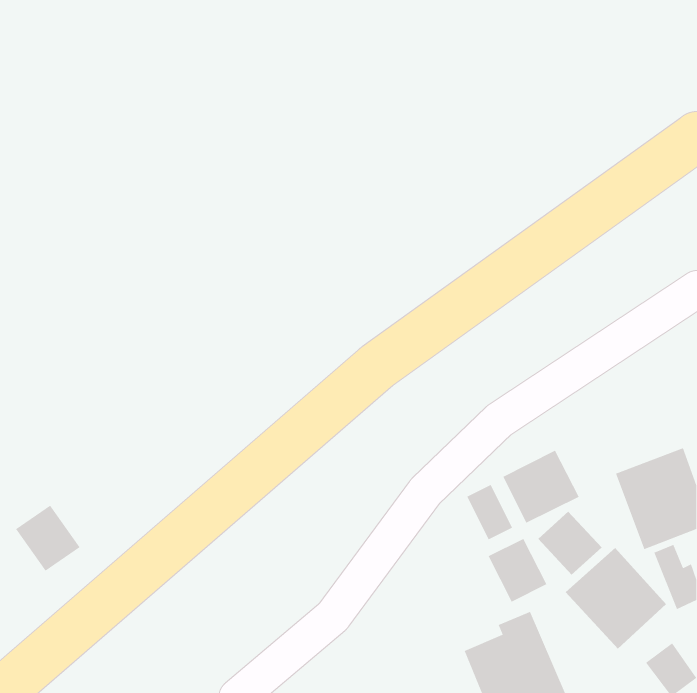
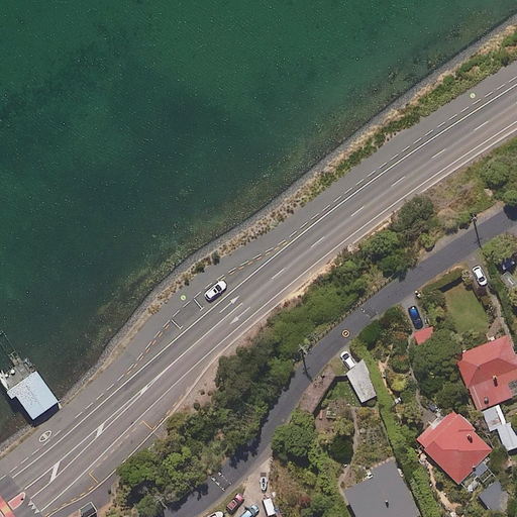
building: [503,450,580,524] -> none
building: [538,511,602,576] -> none
building: [488,538,547,602] -> none

